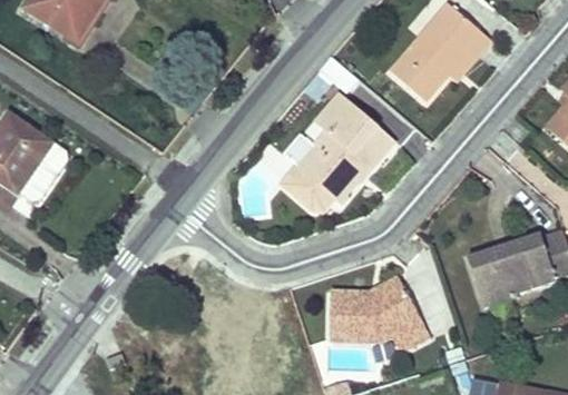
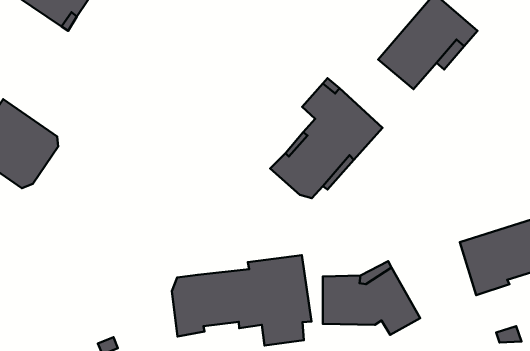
building: none -> [172,255,311,345]

